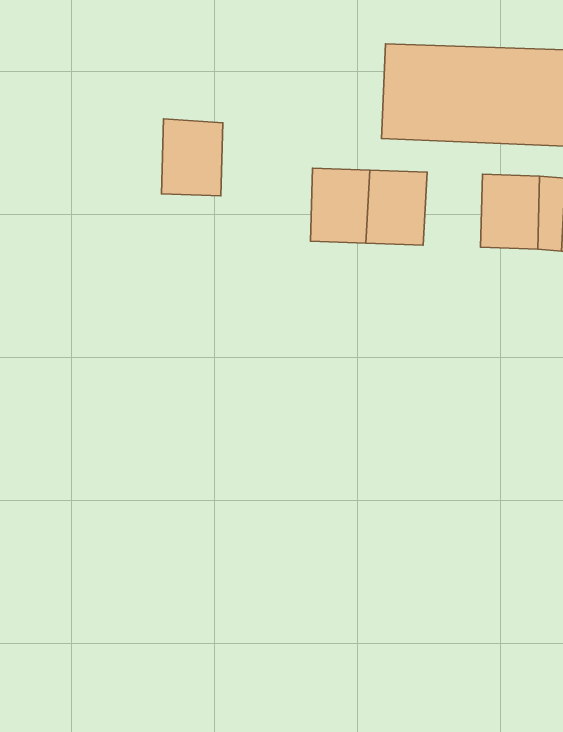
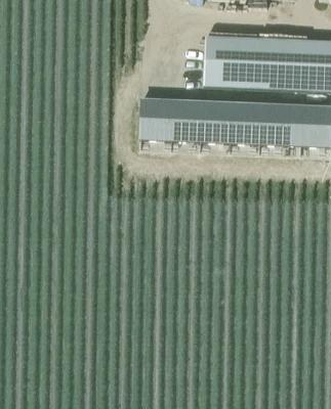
building: [162,119,223,196] -> [141,98,173,138]
building: none -> [231,102,261,141]

